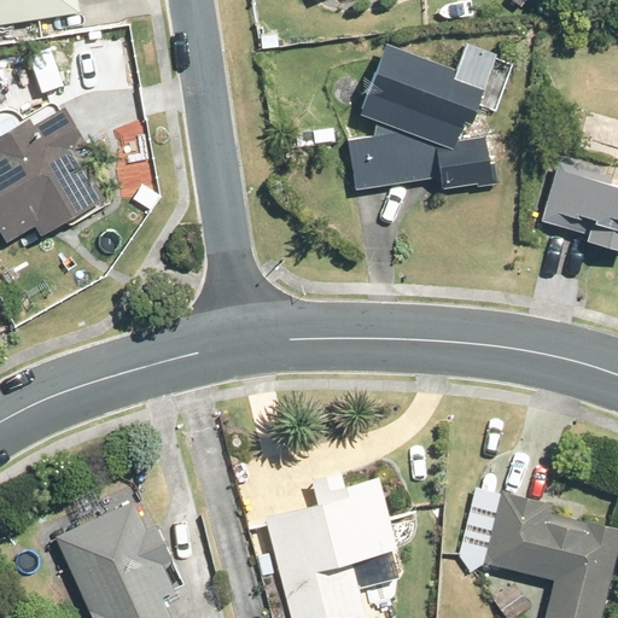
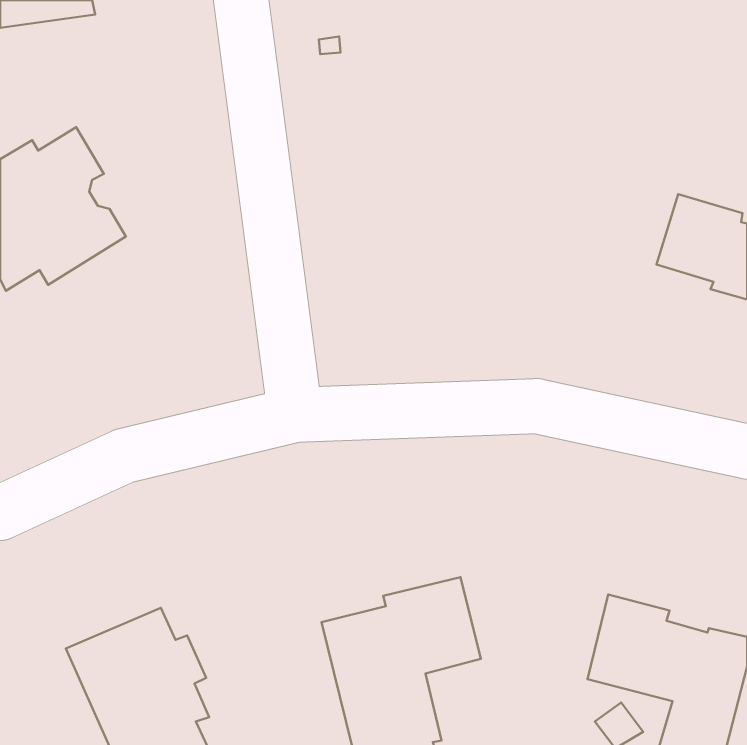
building: [348,42,496,190] -> none

